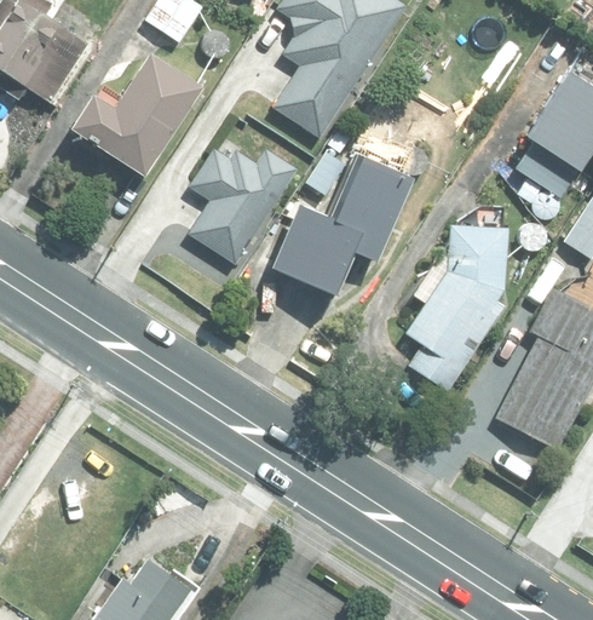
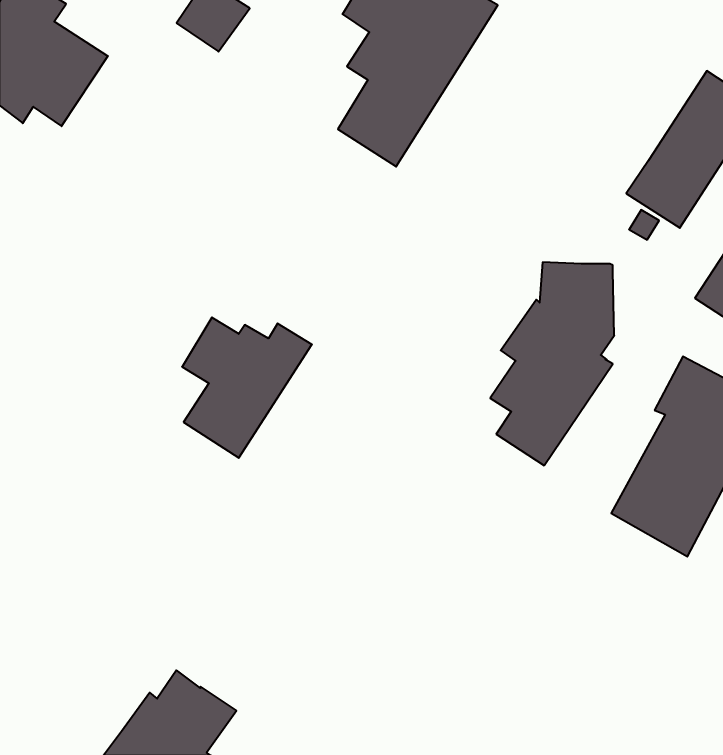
building: [74,62,208,186] -> none
building: [263,144,407,287] -> none
building: [192,150,298,264] -> [182,317,312,458]

